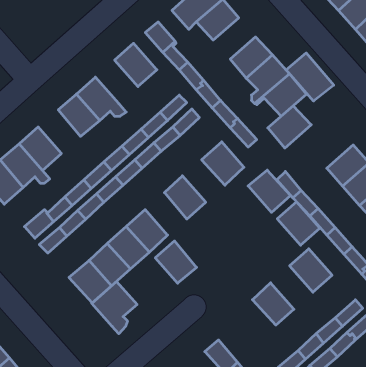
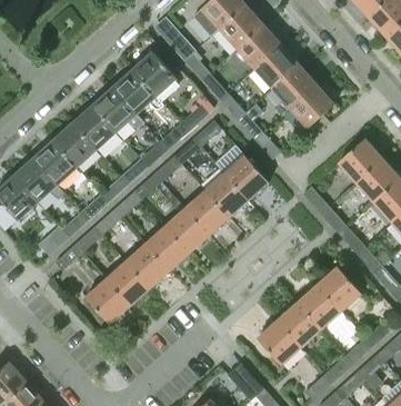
building: none -> [237,24,281,68]
building: [286,53,334,101] -> none
building: none -> [113,69,158,115]
building: [268,106,311,148] -> [338,138,383,182]
building: none -> [53,121,98,167]
building: [248,170,291,212] -> [204,174,249,218]
building: [277,202,320,245] -> [297,285,341,330]
building: [155,241,197,283] -> [166,208,209,252]
building: [92,281,137,334] -> none
building: none -> [257,320,302,366]

